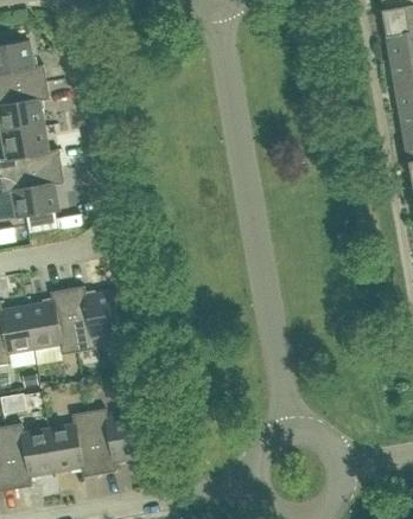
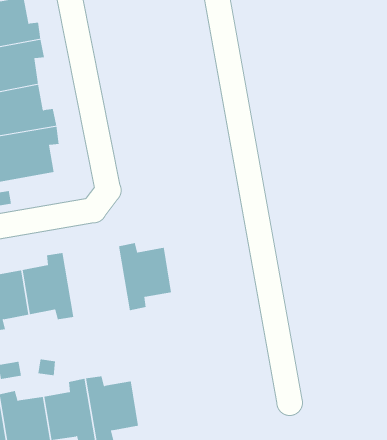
building: [66,284,119,351] -> [118,242,172,311]

